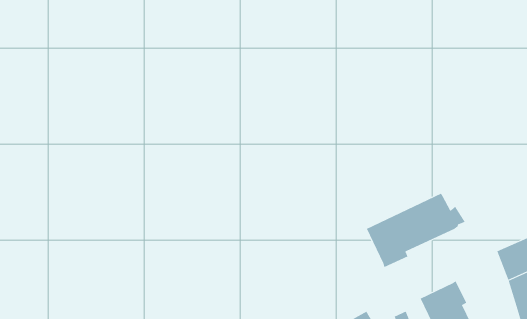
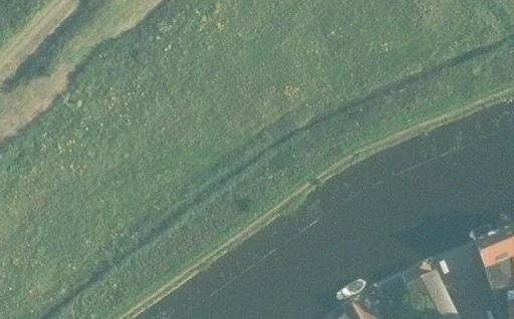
building: [366,193,466,268] -> none

